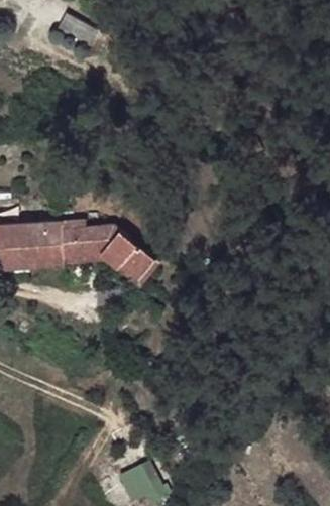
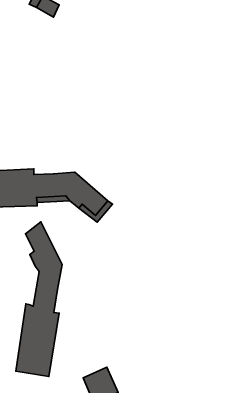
building: none -> [16,222,62,376]

